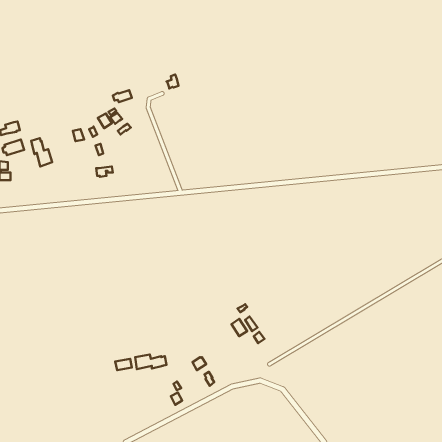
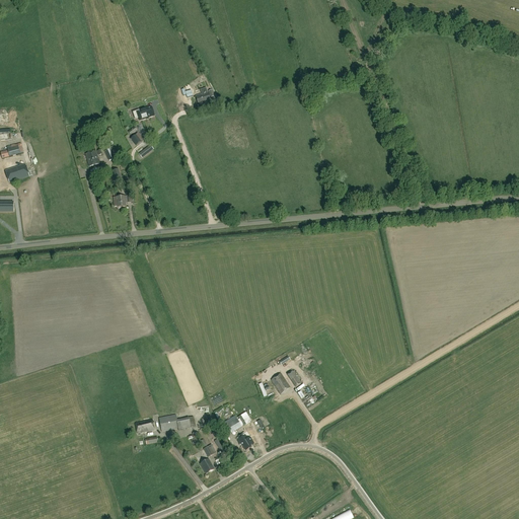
building: [31,138,52,166] -> none

